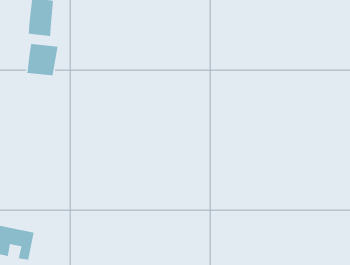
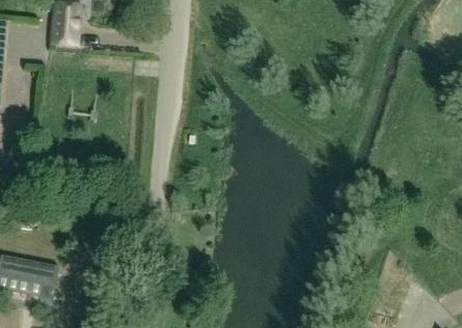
building: [26,43,58,76] -> none

